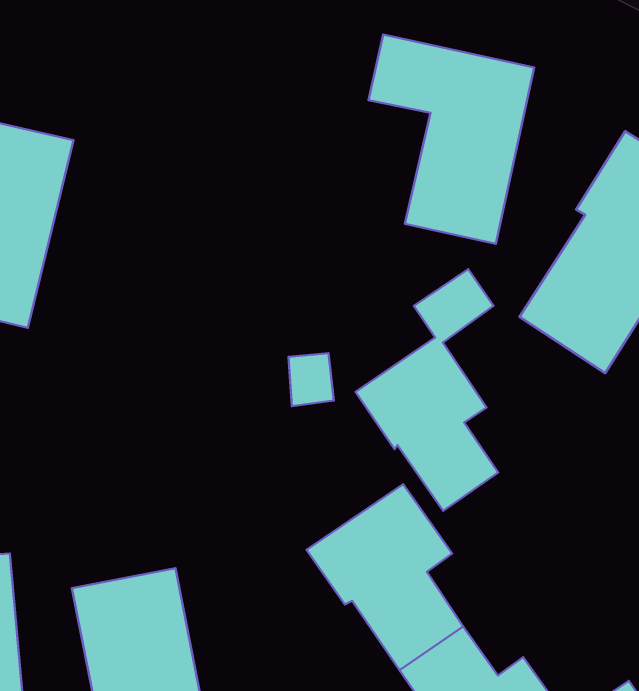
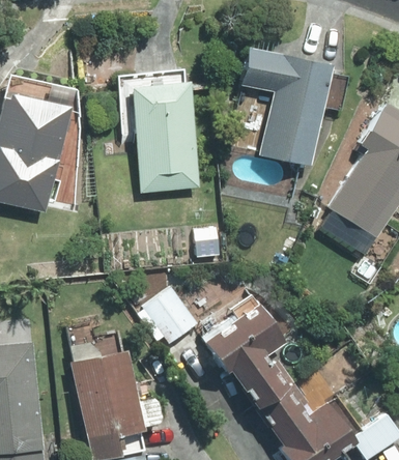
building: none -> [130,80,200,193]
building: [356,269,498,511] -> none
building: none -> [143,287,197,344]

